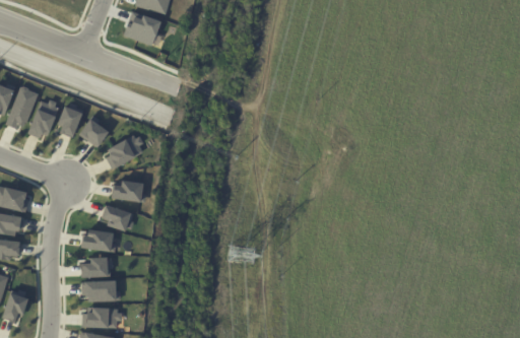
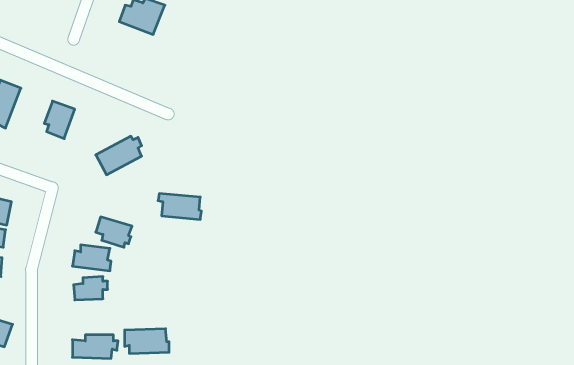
building: [26,98,59,139] -> none
building: [79,118,111,148] -> none
building: [108,180,145,202] -> [158,194,201,219]
building: [81,280,120,301] -> [125,329,169,353]

